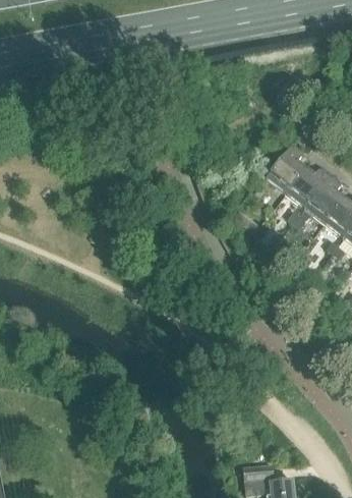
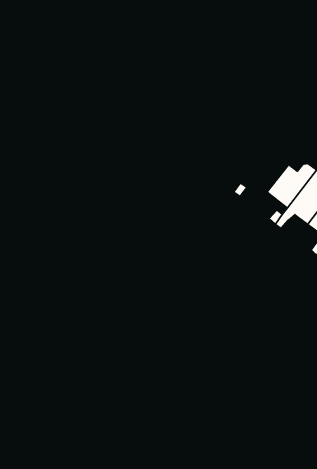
building: [265,143,305,192] -> none

